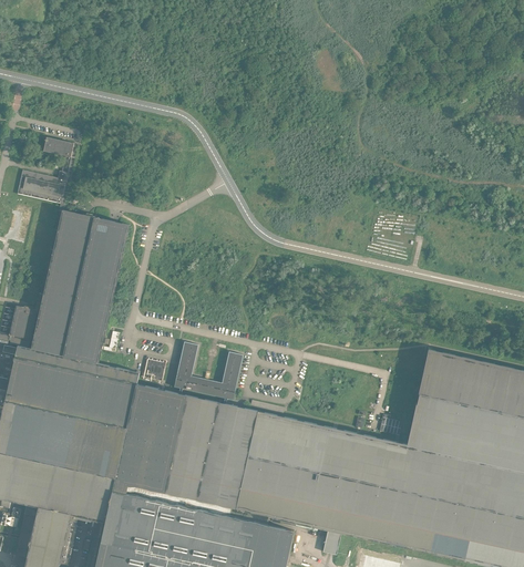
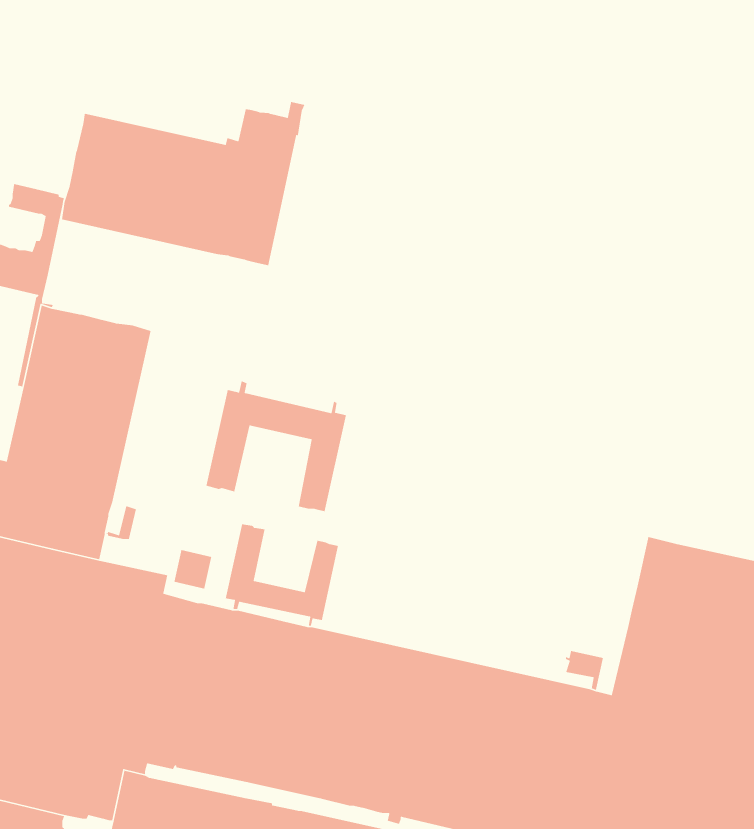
building: none -> [61,101,306,266]
building: none -> [206,380,347,512]

